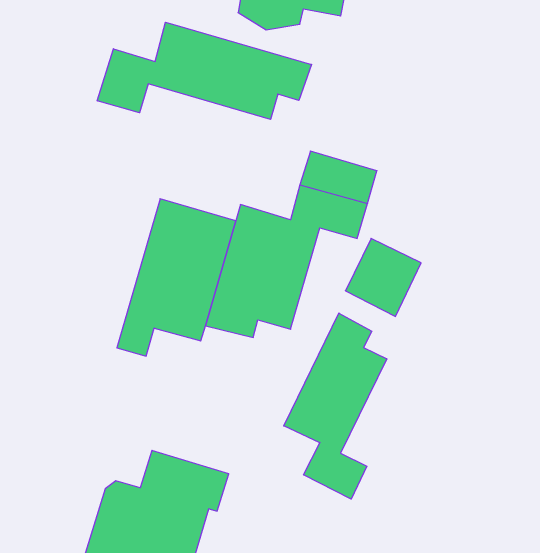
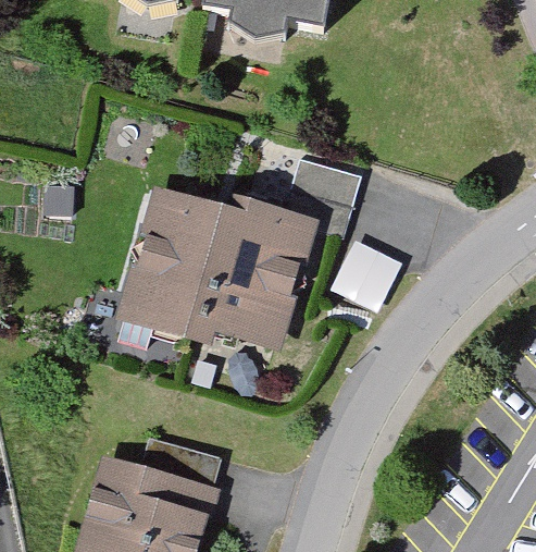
building: [97,22,312,119] -> none
building: [284,313,387,499] -> none

